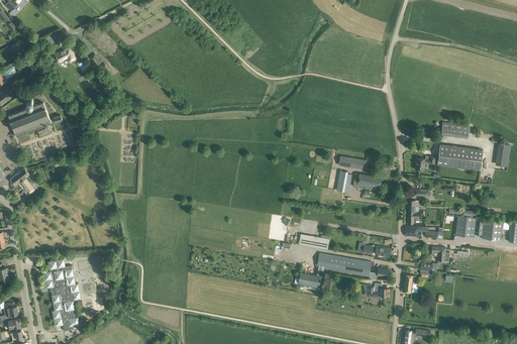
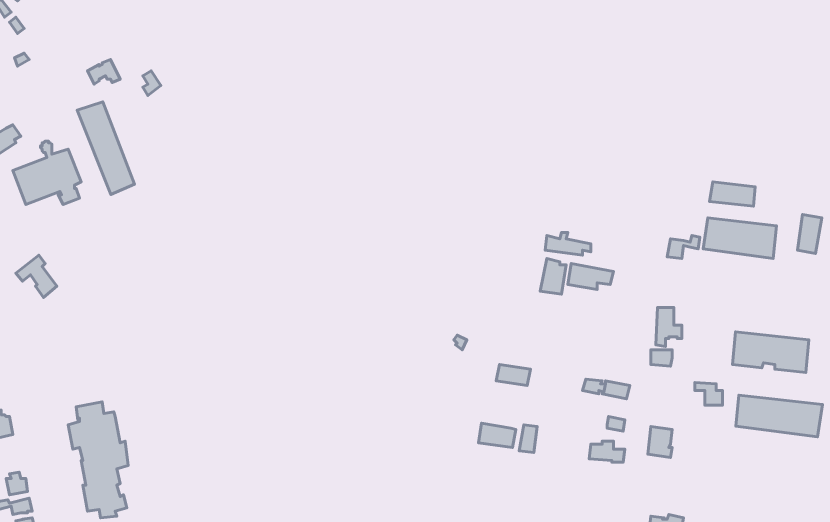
building: none -> [77,102,134,194]
building: [316,252,371,276] -> none
building: none -> [736,395,823,437]

